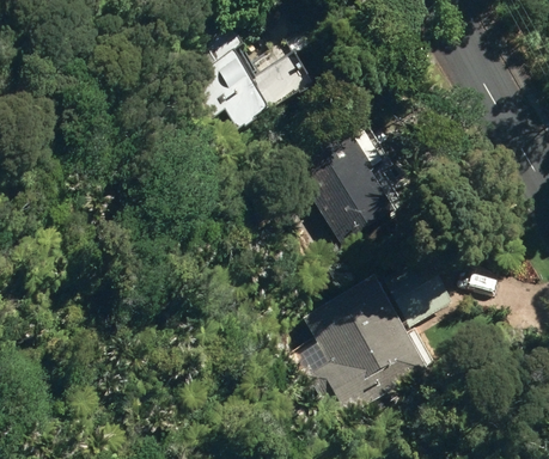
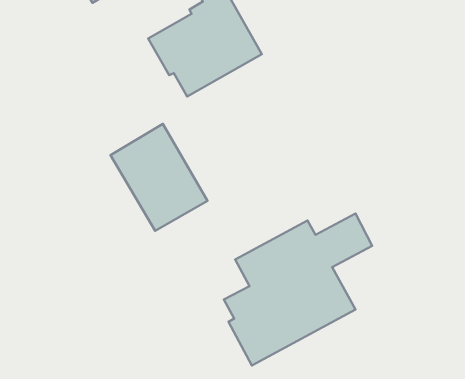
building: [293,120,397,234] -> [110,124,208,231]

